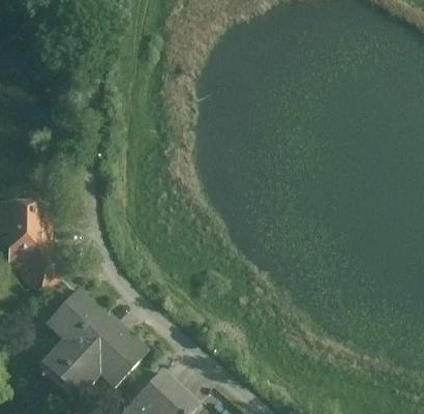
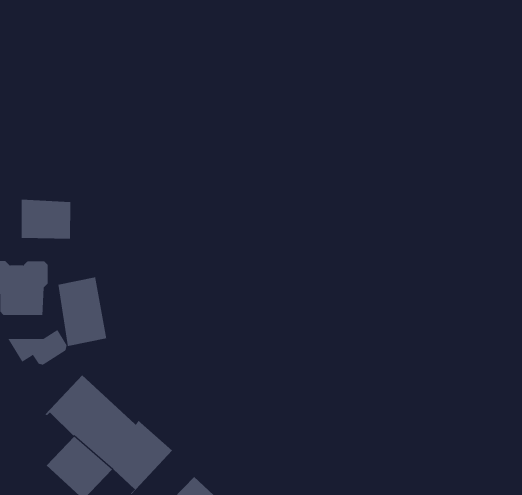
building: none -> [21,199,71,239]
building: none -> [58,277,107,347]

